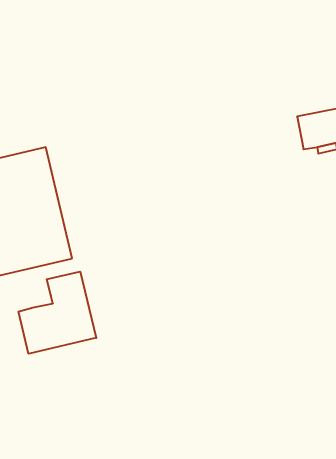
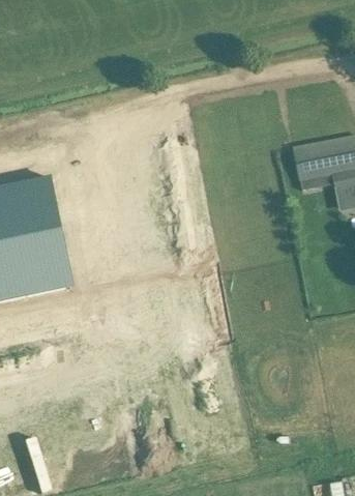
building: [19,272,96,354] -> none

